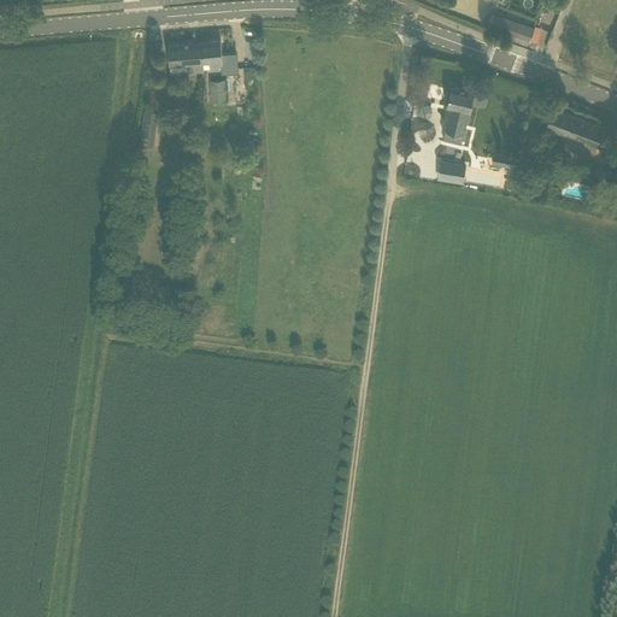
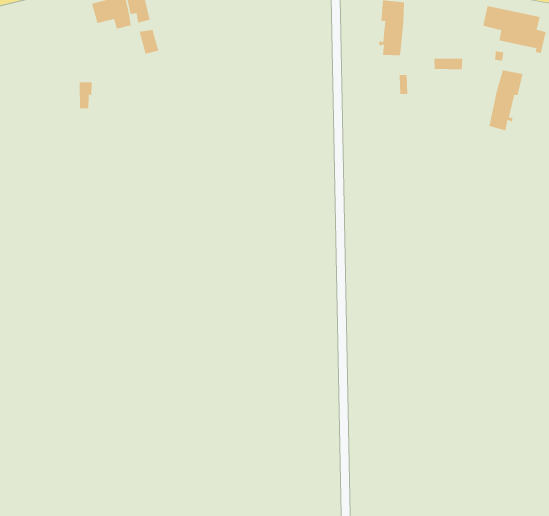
building: none -> [489,69,523,131]

